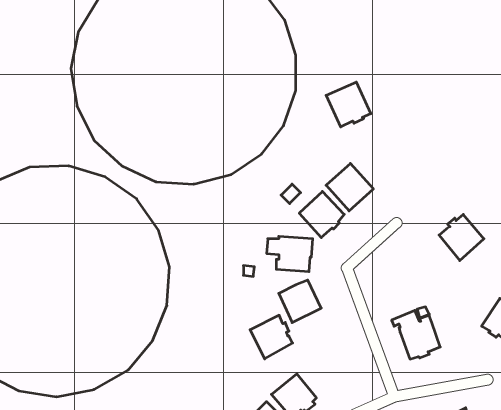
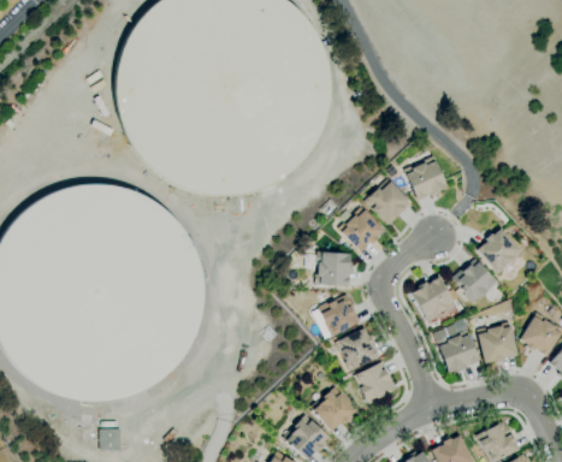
building: [326,82,371,127] -> [403,156,448,201]
building: none -> [451,259,496,304]
building: none -> [410,277,456,322]
building: none -> [477,322,517,365]
building: [250,315,293,359] -> [336,328,378,372]
building: none -> [354,361,397,404]

